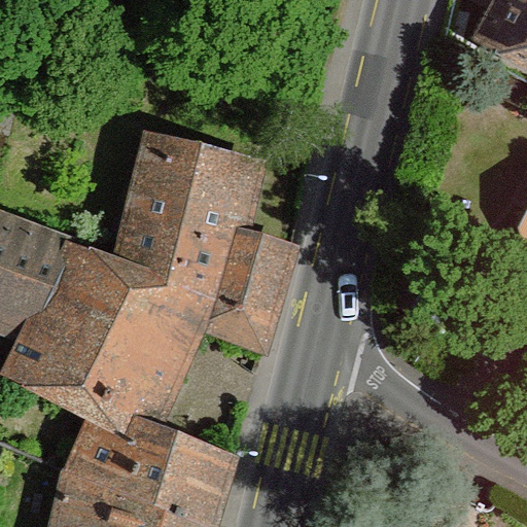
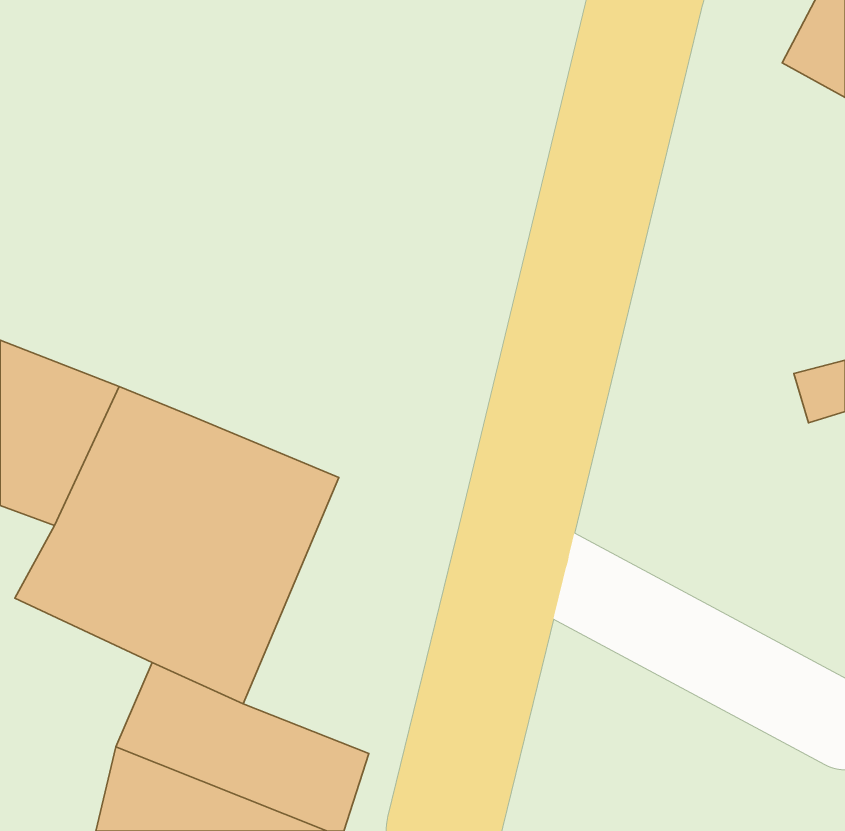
building: [119,146,292,321] -> none

